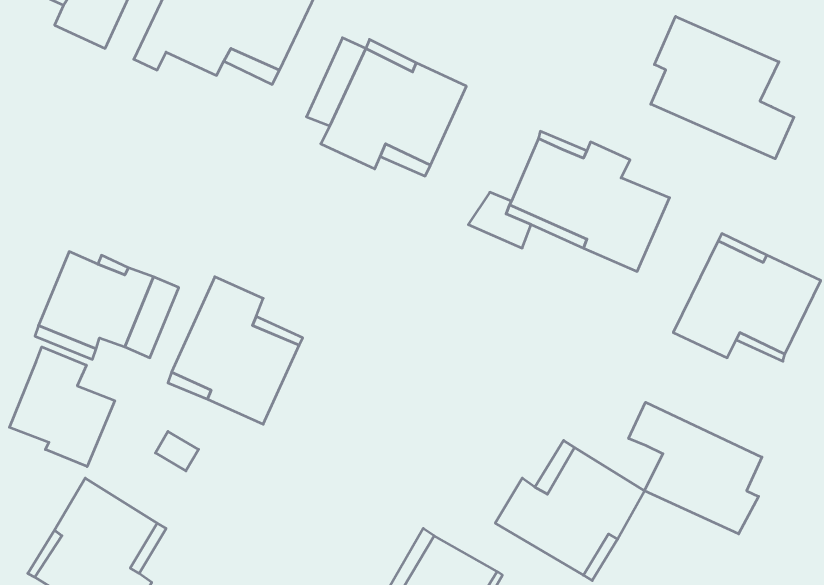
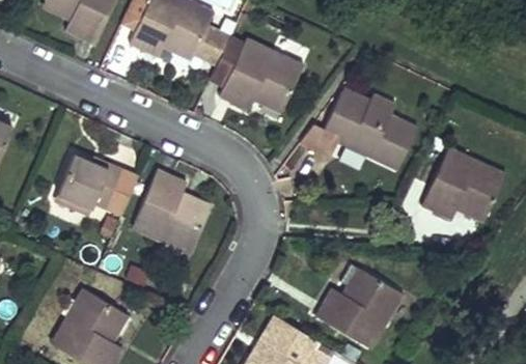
building: [651,16,794,159] -> none
building: [9,347,115,467] -> none
building: [629,402,762,534] -> none

